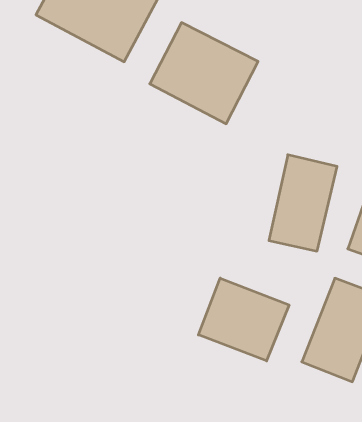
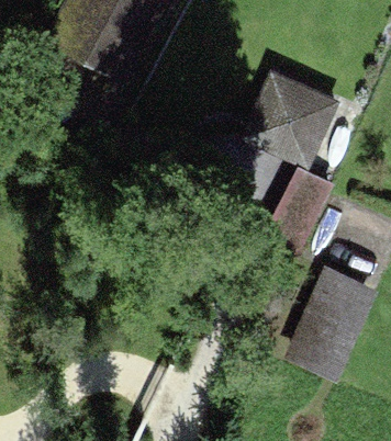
building: [150,23,258,124] -> [243,70,344,165]
building: [198,278,289,361] -> none

